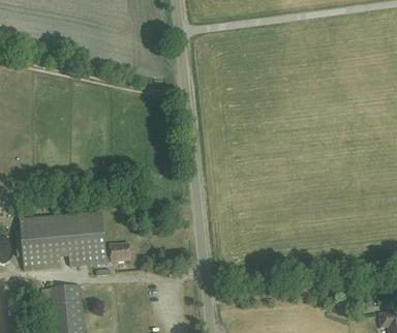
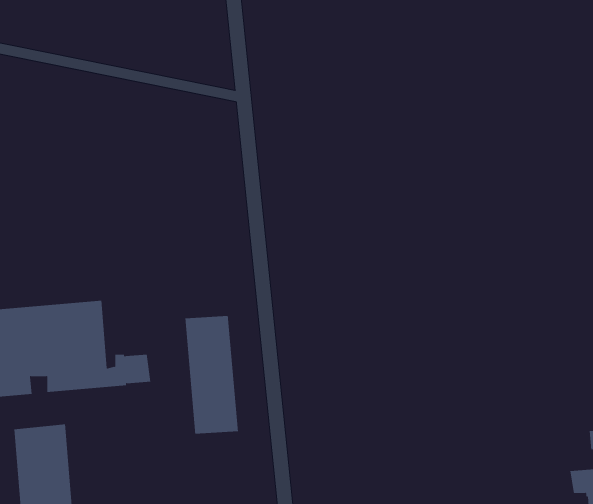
building: none -> [185,315,238,434]

